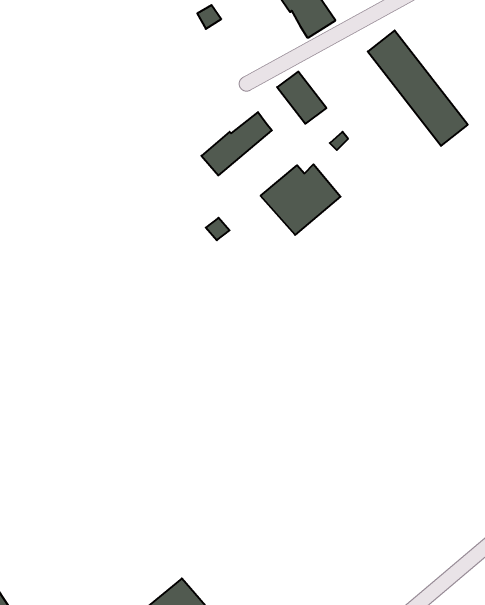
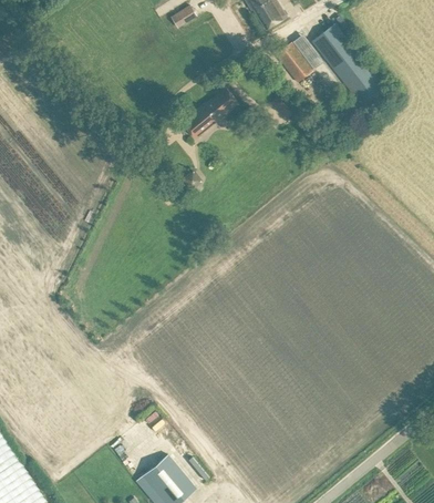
building: [277,72,326,124] -> [275,42,313,83]
building: [261,164,341,235] -> none

